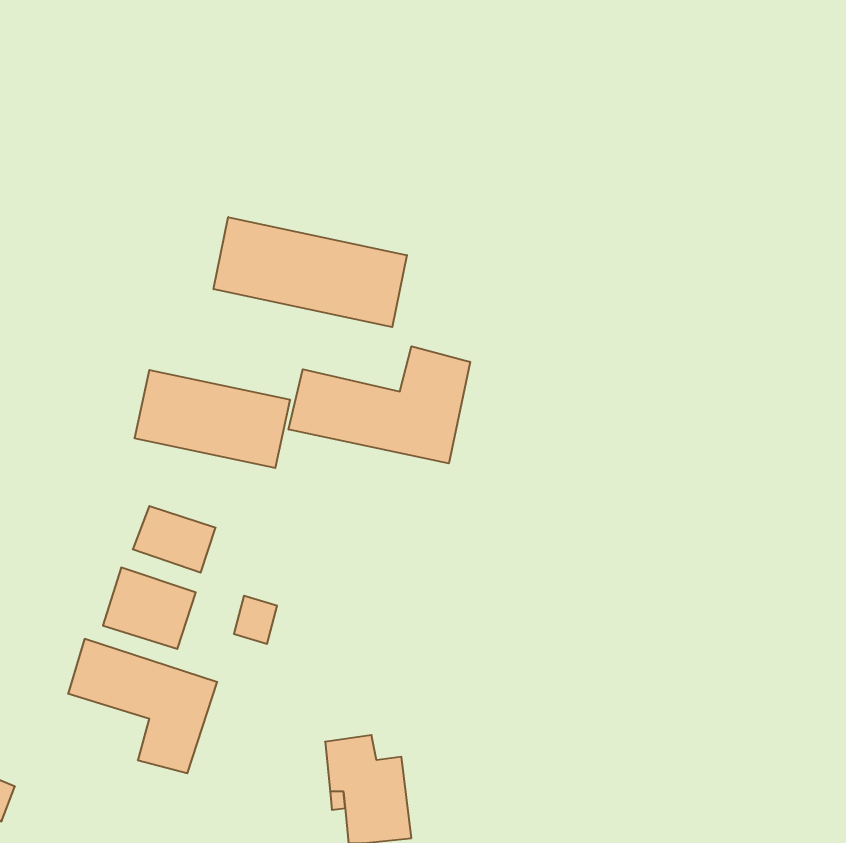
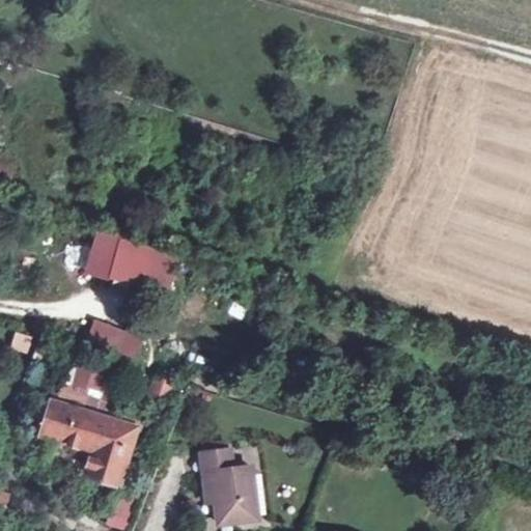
building: [214,217,407,327] -> none
building: [289,346,470,463] -> none

